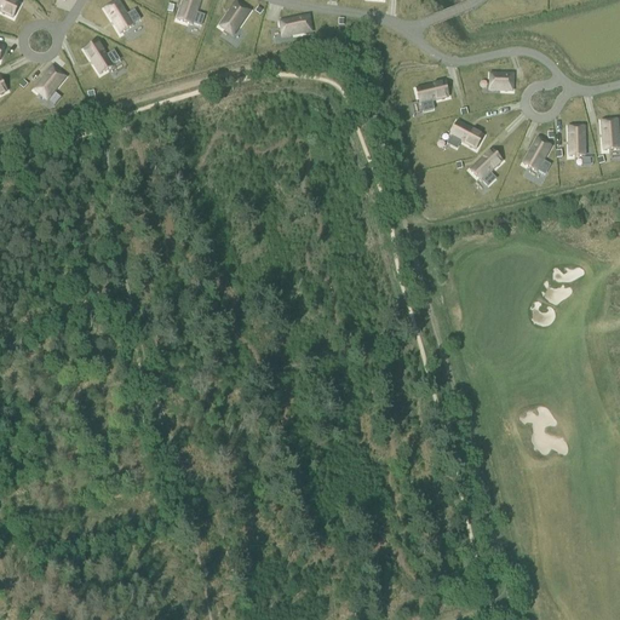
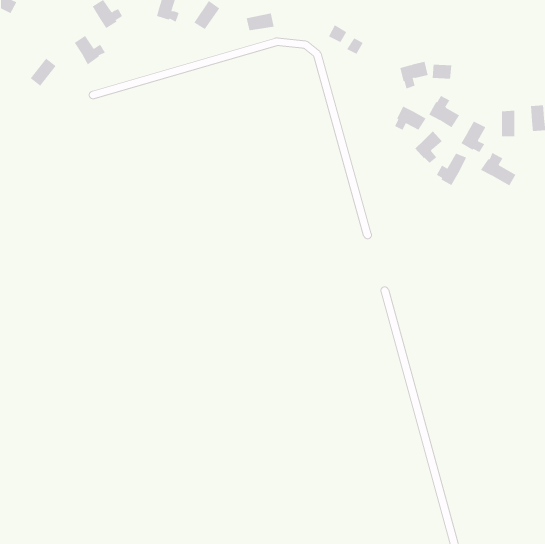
building: [417,80,449,111] -> [400,61,428,89]
building: none -> [428,95,460,128]
building: none -> [480,152,516,186]
building: none -> [436,153,467,186]

